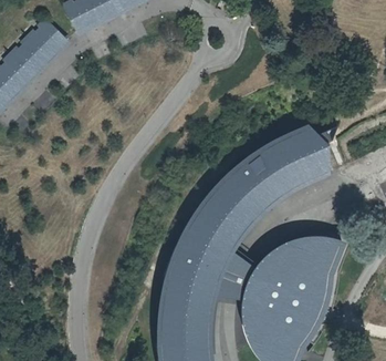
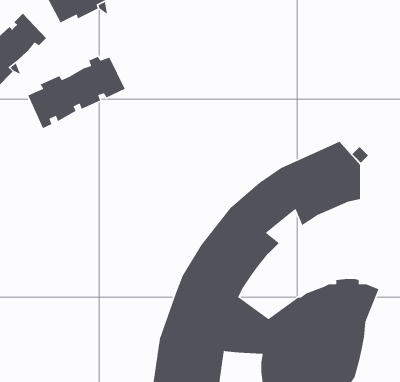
building: none -> [27,56,126,129]

